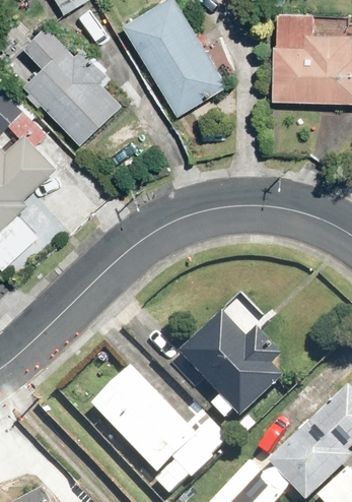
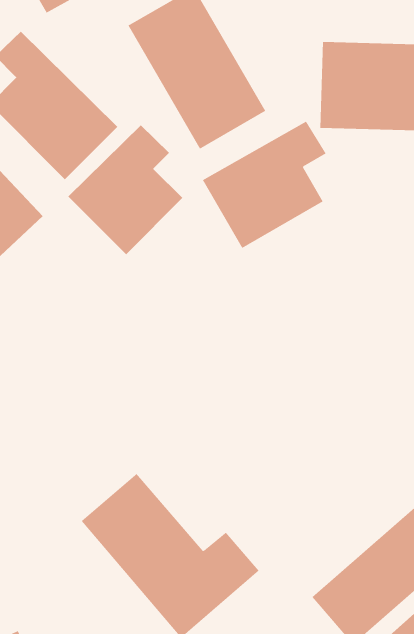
building: none -> [202,121,326,249]
building: none -> [68,125,183,255]
building: [174,310,280,418] -> none

